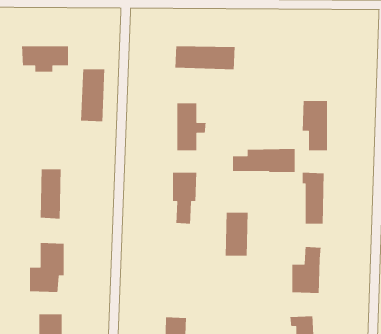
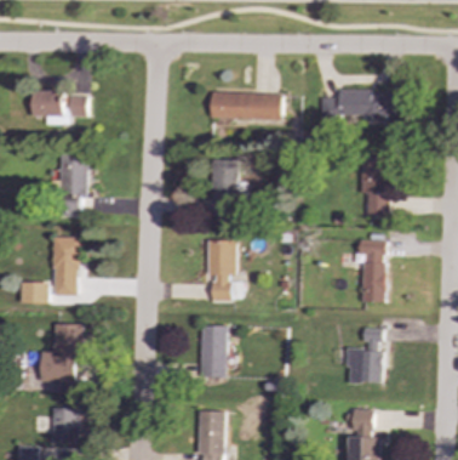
building: [80,68,105,122] -> [58,154,87,217]
building: [232,148,295,173] -> [320,90,394,119]
building: none -> [19,282,47,303]
building: [225,212,249,256] -> [199,325,227,377]

